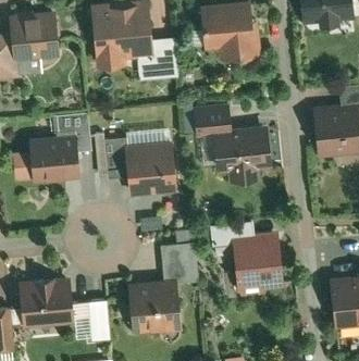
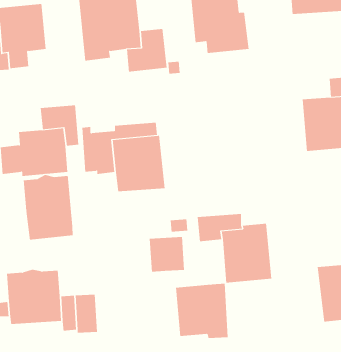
building: [193,103,272,183] -> none
building: none -> [23,174,73,240]
building: [127,278,181,334] -> [175,283,229,339]

